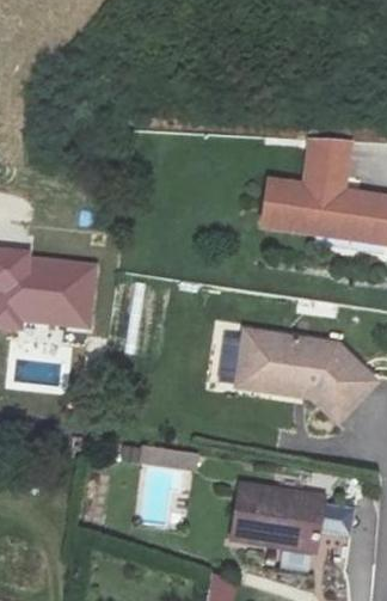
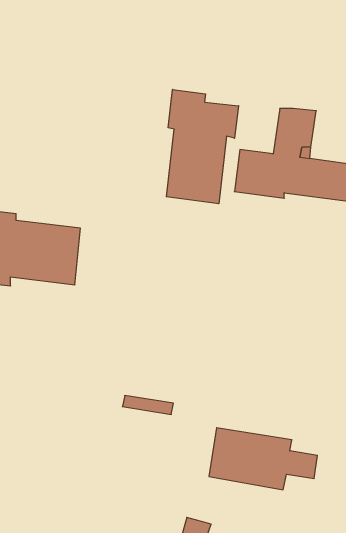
building: none -> [166,89,239,204]
building: [240,332,376,425] -> none

